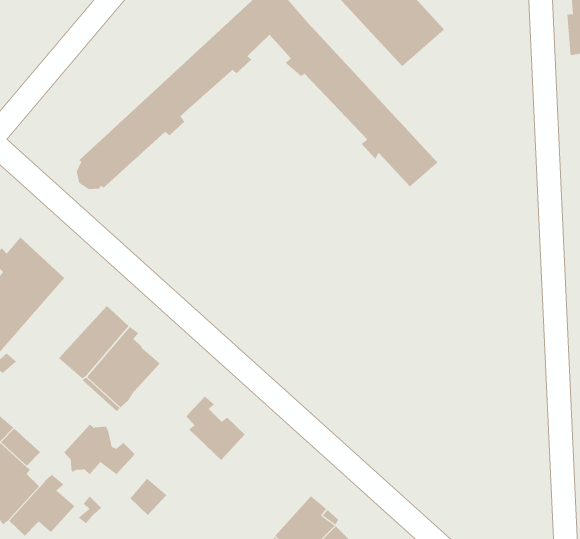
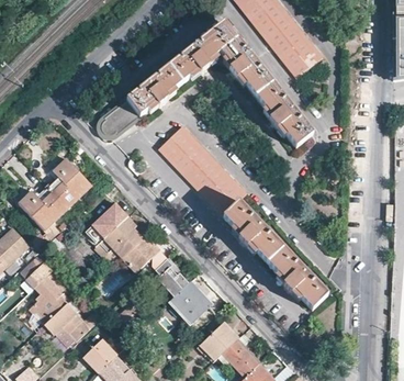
building: none -> [158,126,327,310]
building: [64,424,136,475] -> [125,238,167,269]
building: none -> [169,283,209,323]

